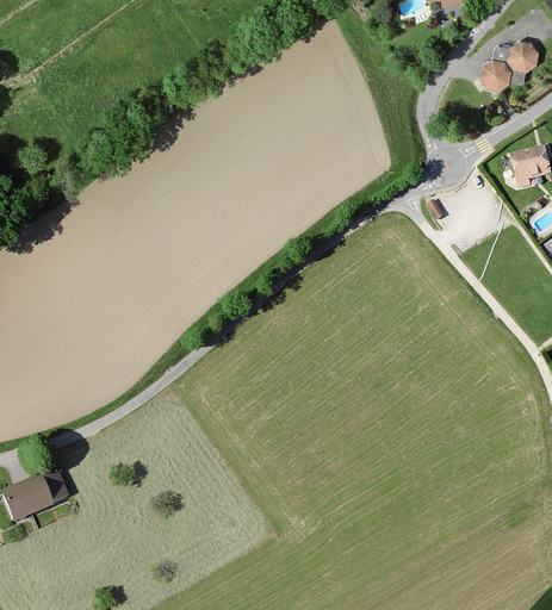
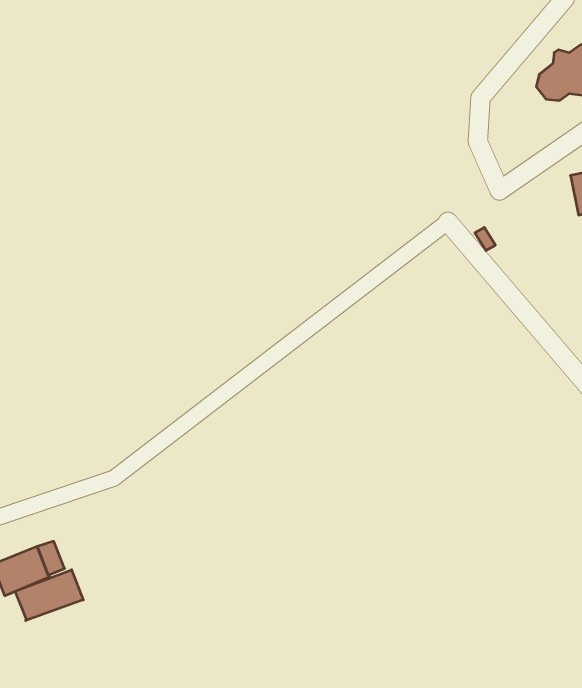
building: none -> [15,570,83,621]

